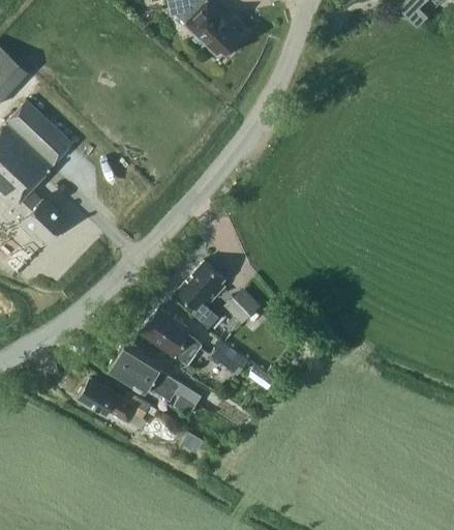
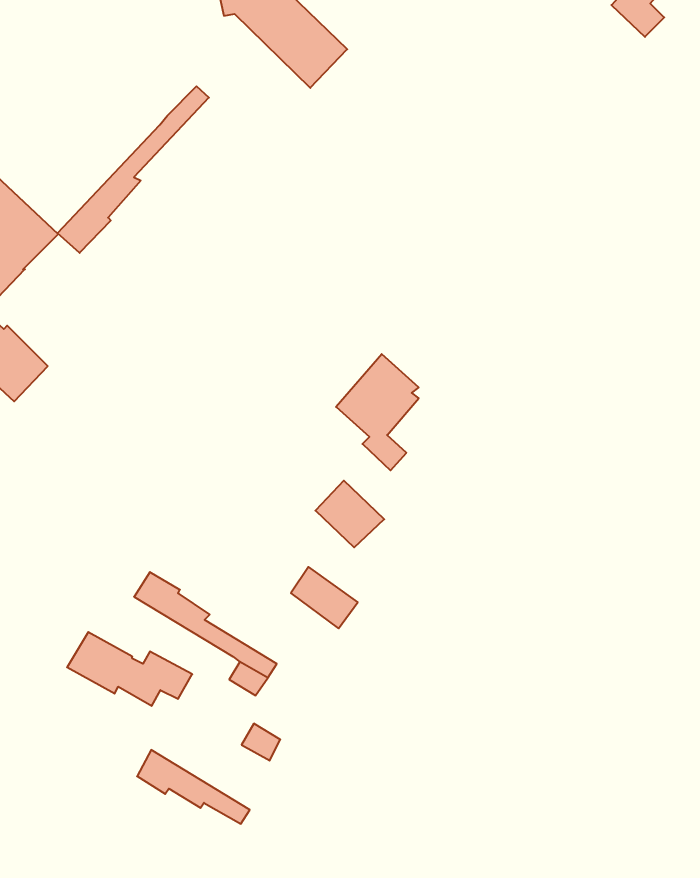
building: none -> [57,86,209,253]
building: [177,260,225,328] -> [336,354,419,470]
building: [140,307,204,366] -> none
building: [110,357,176,401] -> [137,750,250,824]

